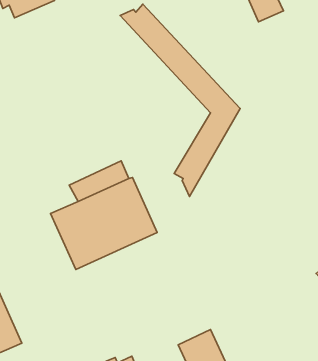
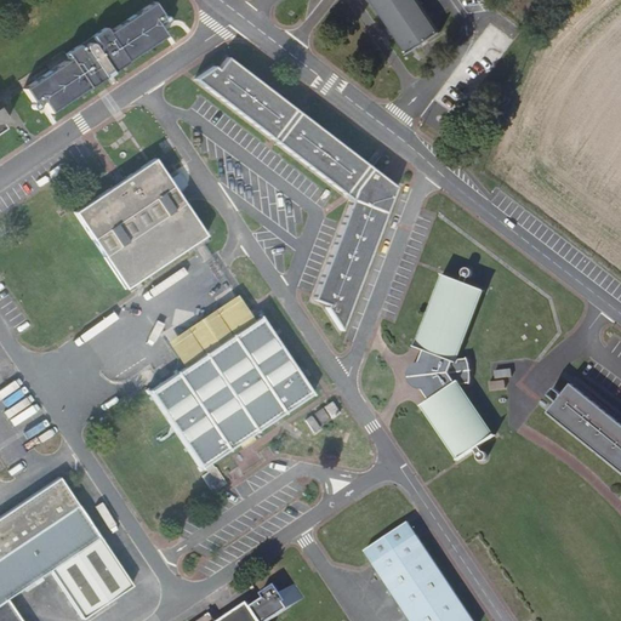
building: none -> [75,161,205,289]
building: none -> [408,273,494,458]

